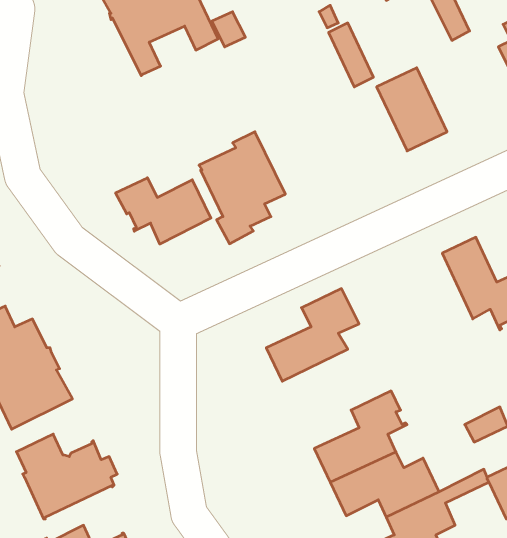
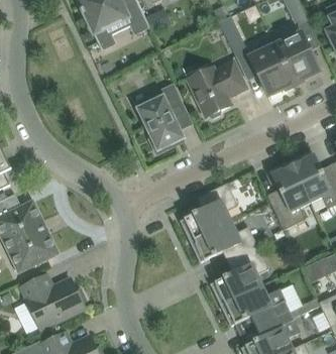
building: none -> [274,31,319,84]
building: none -> [187,61,246,118]
building: [116,178,211,244] -> none
building: none -> [269,160,310,230]
building: none -> [190,221,258,262]

